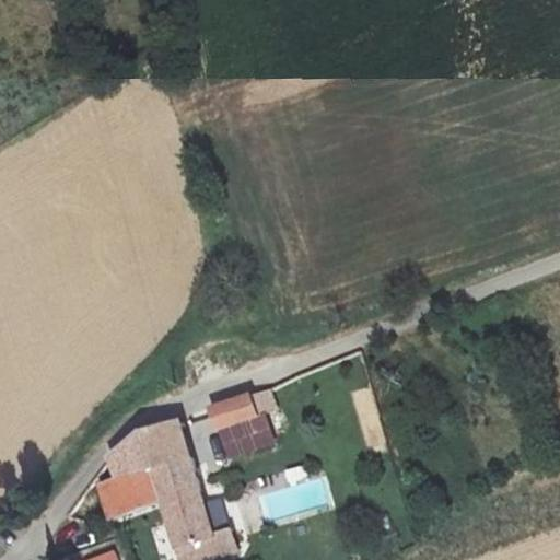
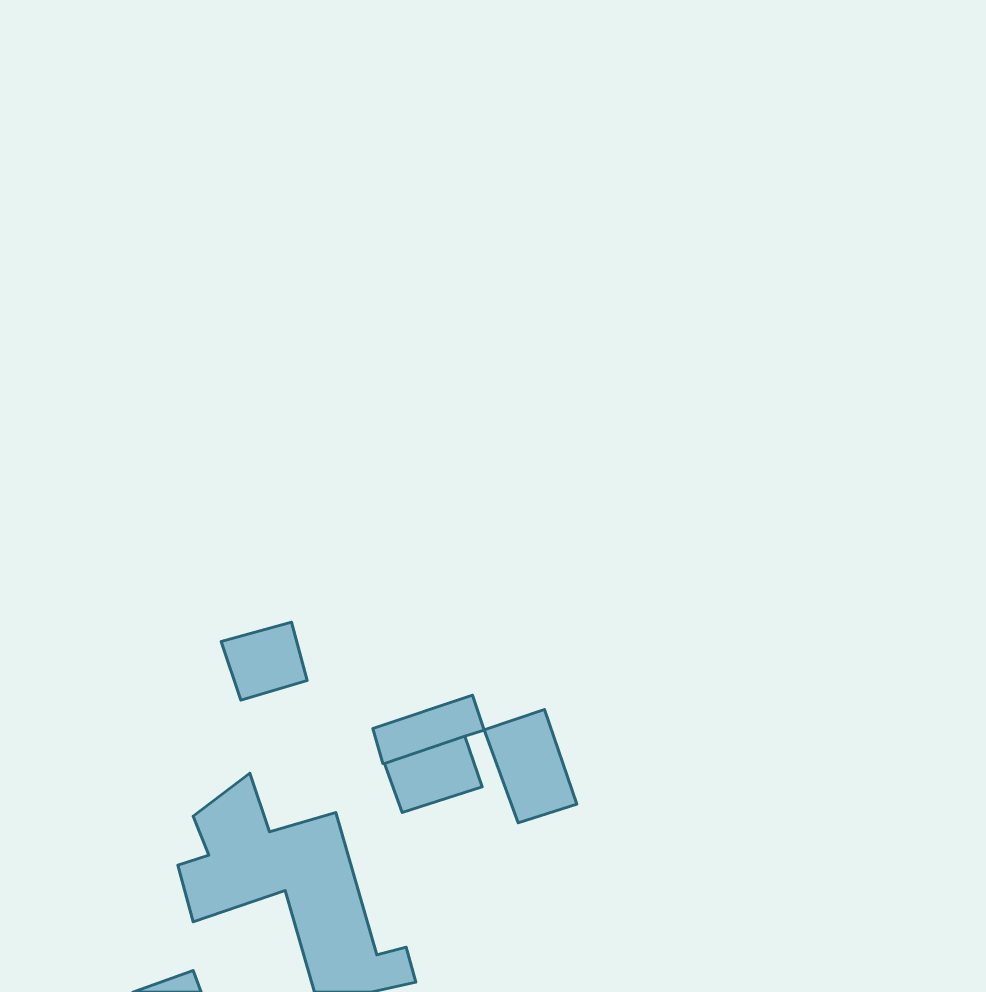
building: none -> [484,709,577,823]
building: [140,422,188,466] -> [221,622,307,700]

